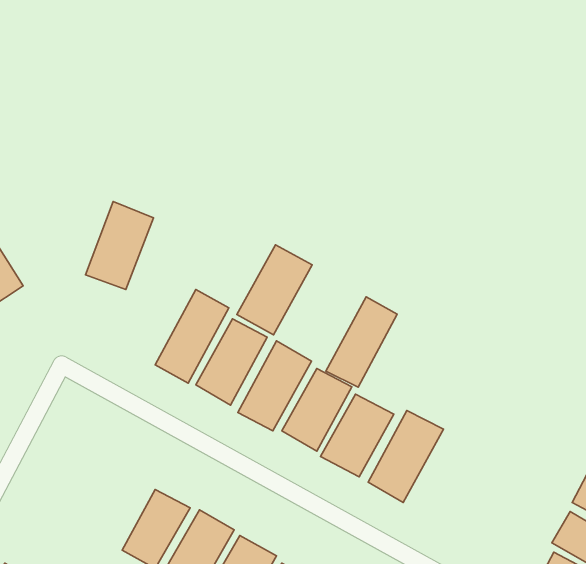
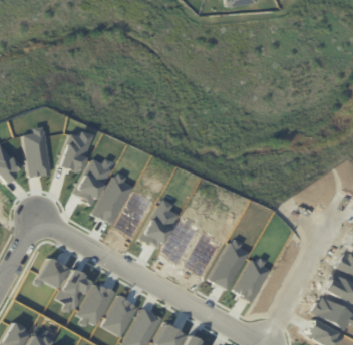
building: none -> [26,128,52,177]
building: [237,245,312,335] -> [73,157,114,207]
building: [326,297,397,387] -> none
building: none -> [235,254,274,300]
building: none -> [35,256,68,291]
building: none -> [55,267,92,310]

